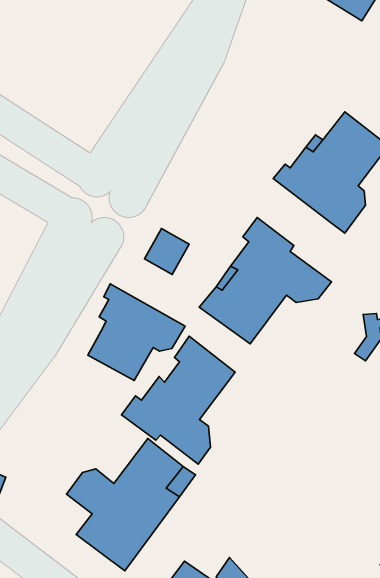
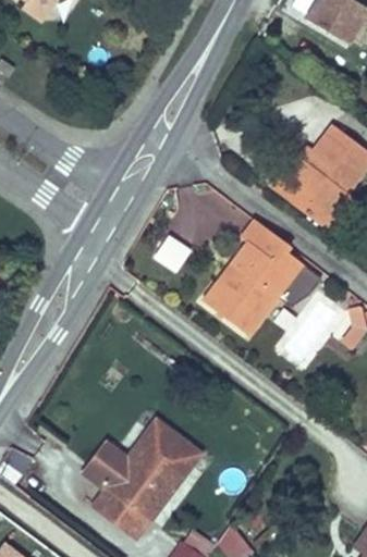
building: [88,284,185,381] -> none
building: [121,336,235,464] -> none

